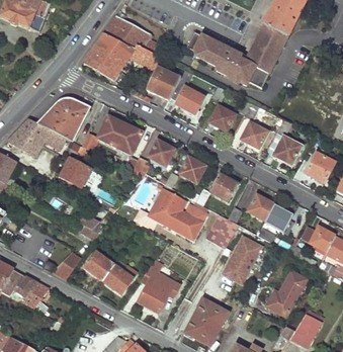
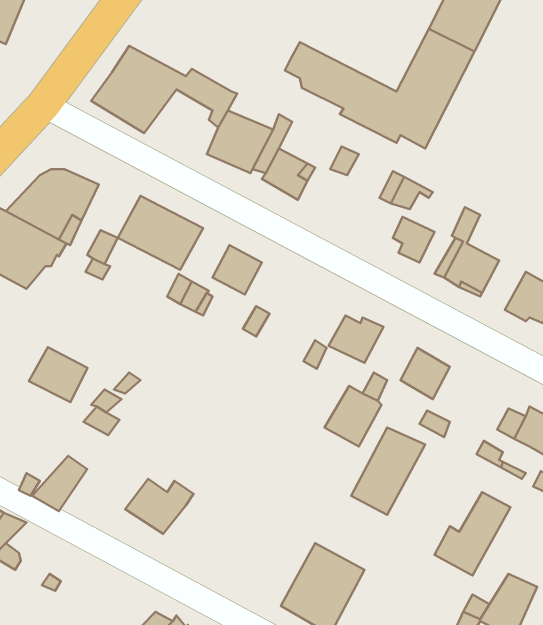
building: [103,16,163,58] -> none
building: [206,105,234,131] -> none
building: [179,156,206,182] -> none
building: [60,159,91,188] -> [29,347,88,402]
building: [149,189,201,240] -> none
building: [265,204,293,235] -> none
building: [82,251,113,280] -> none
building: [137,261,179,313] -> none

